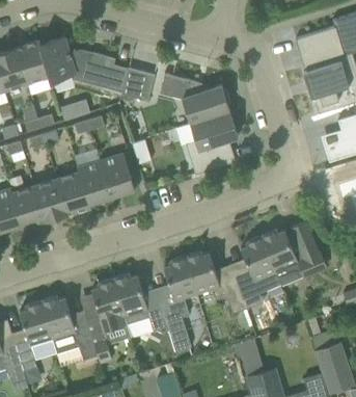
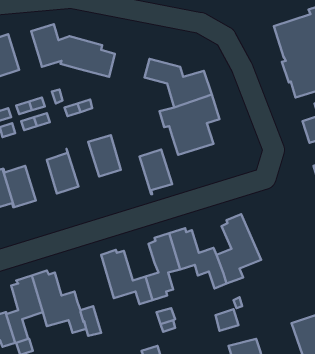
building: [16,41,50,84] -> none
building: [121,68,155,101] -> none
building: [77,160,111,207] -> [139,150,172,194]
building: [33,179,66,221] -> none
building: [261,221,319,284] -> none
building: [90,279,127,330] -> none

